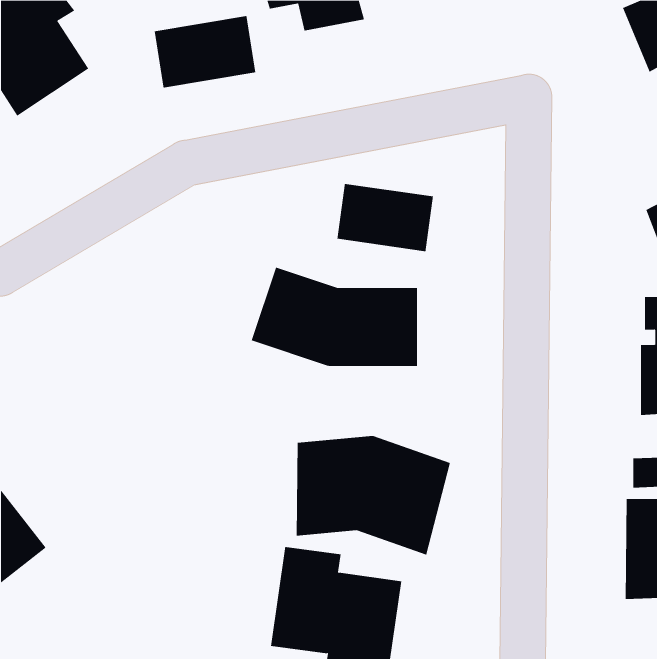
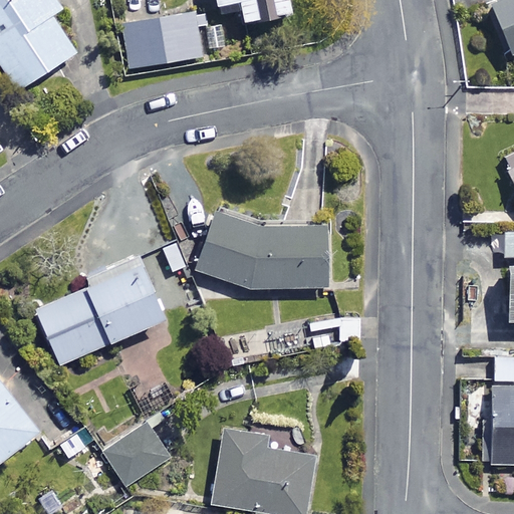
building: [337,183,434,252] -> none
building: none -> [36,259,166,363]
building: [296,435,451,555] -> none
building: none -> [105,423,172,485]

